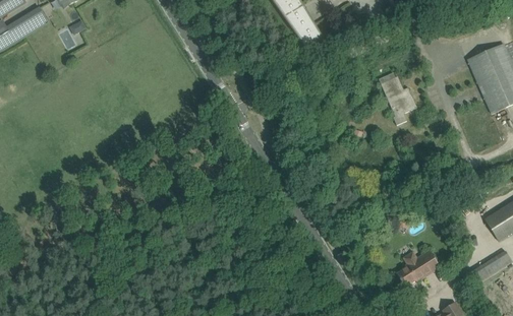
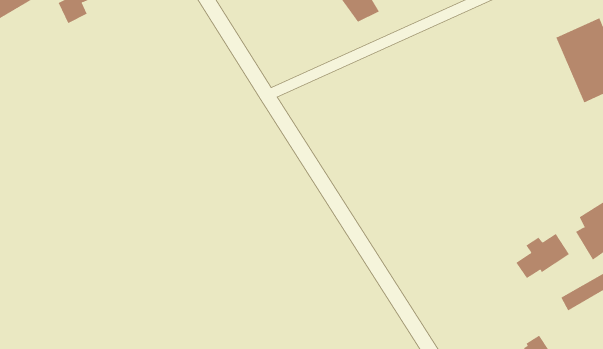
building: [380,71,417,123] -> none
building: [396,248,441,286] -> [515,233,570,279]

